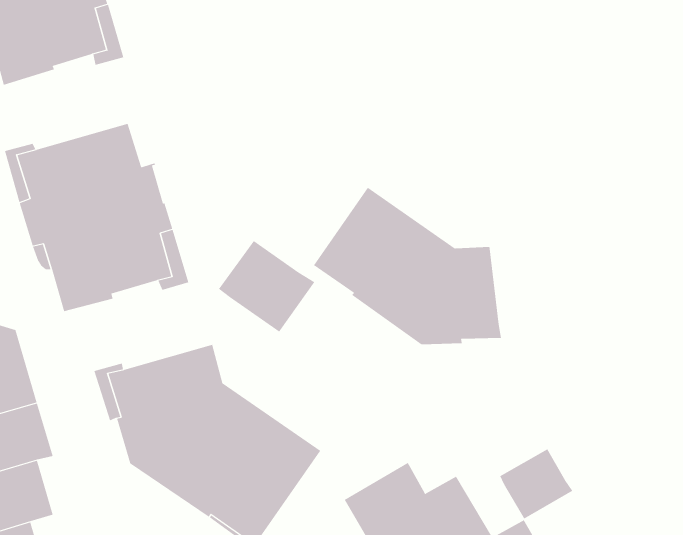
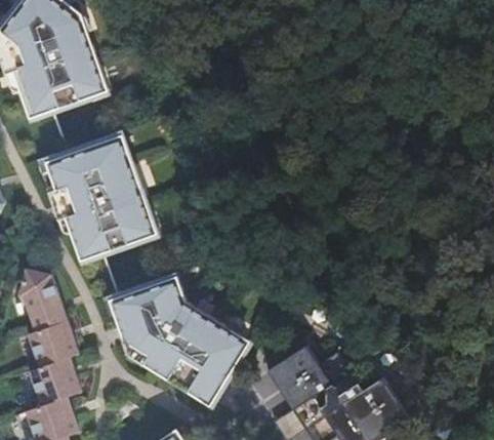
building: [313,187,502,345] -> none
building: [218,240,315,333] -> none
building: [499,449,573,520] -> none

